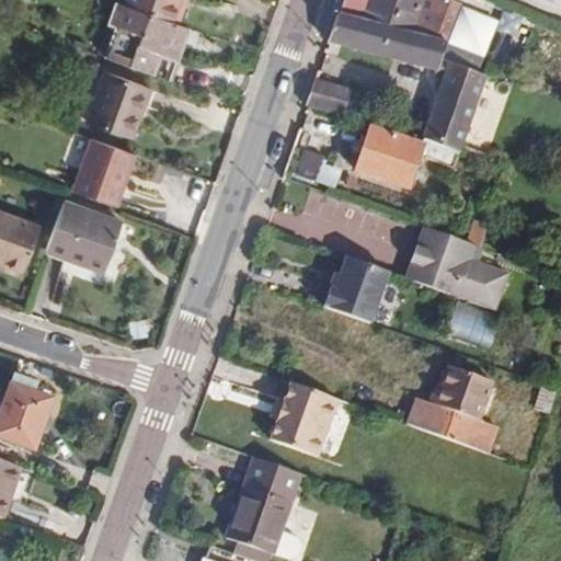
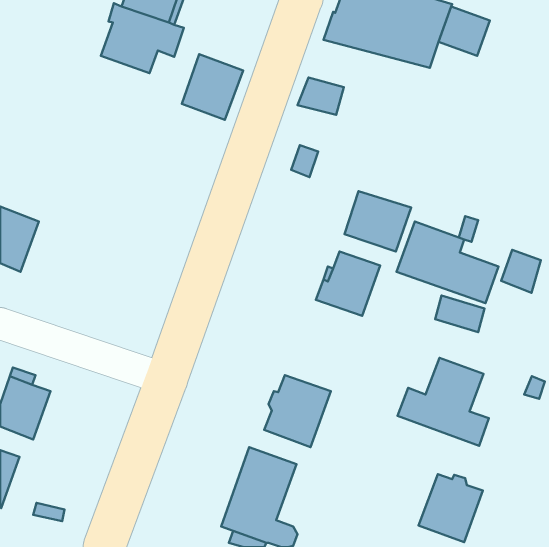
building: [423,61,485,152] -> none
building: [88,70,150,137] -> [182,54,243,120]
building: [355,127,423,188] -> [344,191,411,251]
building: [71,138,134,206] -> none
building: [46,201,122,270] -> none
building: none -> [501,250,541,293]
building: none -> [418,474,483,542]

